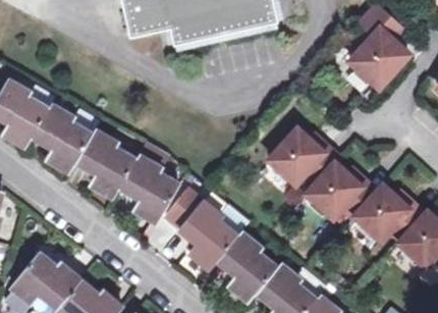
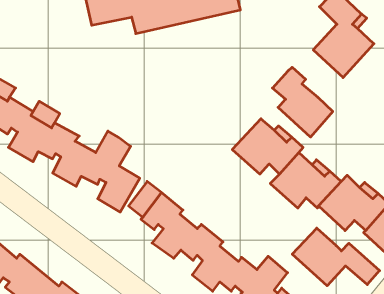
building: none -> [272,67,333,137]
building: none -> [292,228,380,286]

